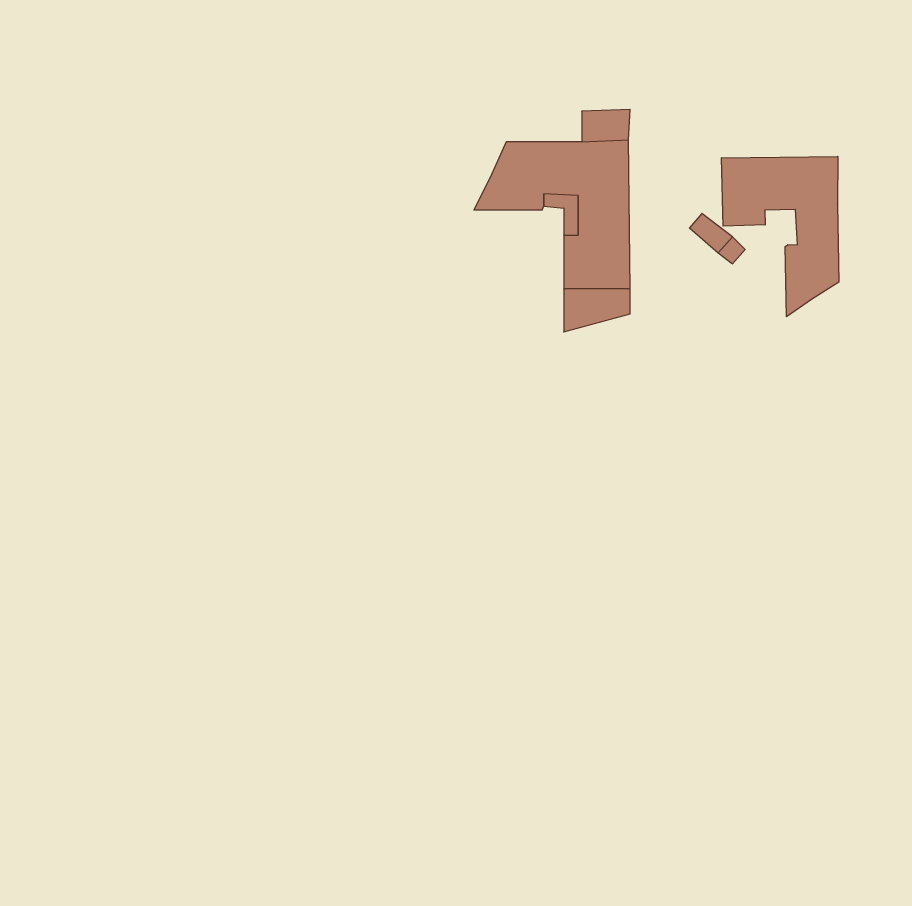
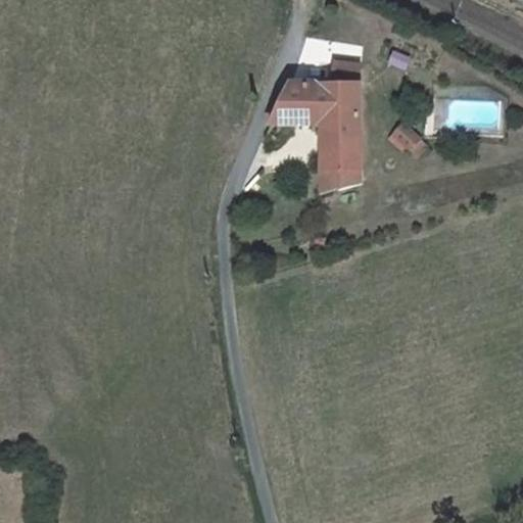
building: [722,156,839,317] -> none

